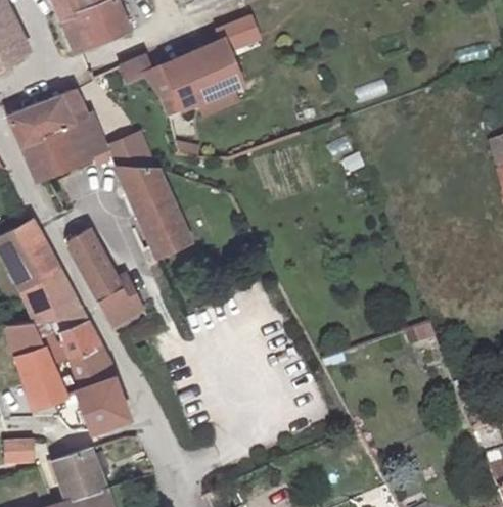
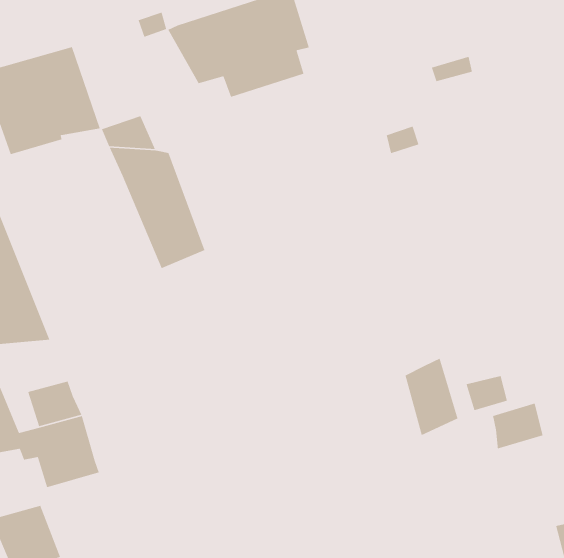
building: [70,231,145,323] -> none
building: none -> [405,357,458,436]
building: [56,323,98,360] -> none
building: none -> [492,403,543,450]

